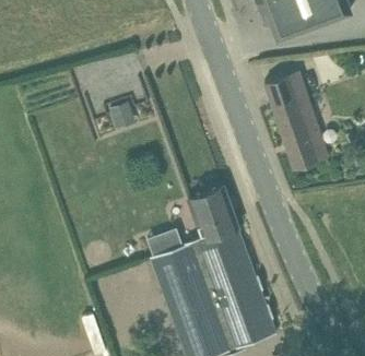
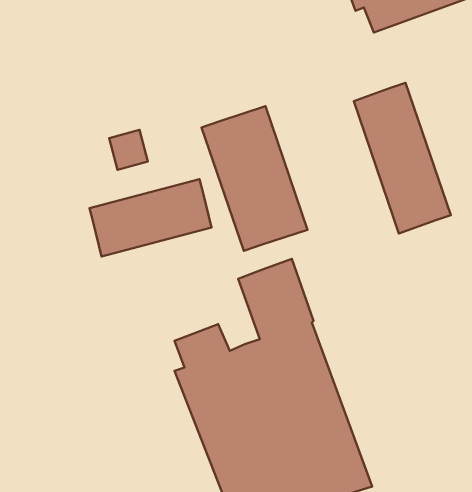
building: none -> [202,106,308,251]
building: none -> [89,179,212,257]

